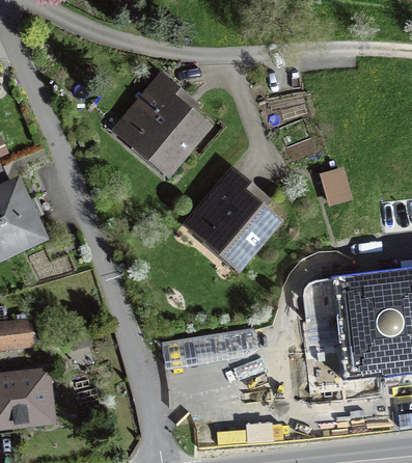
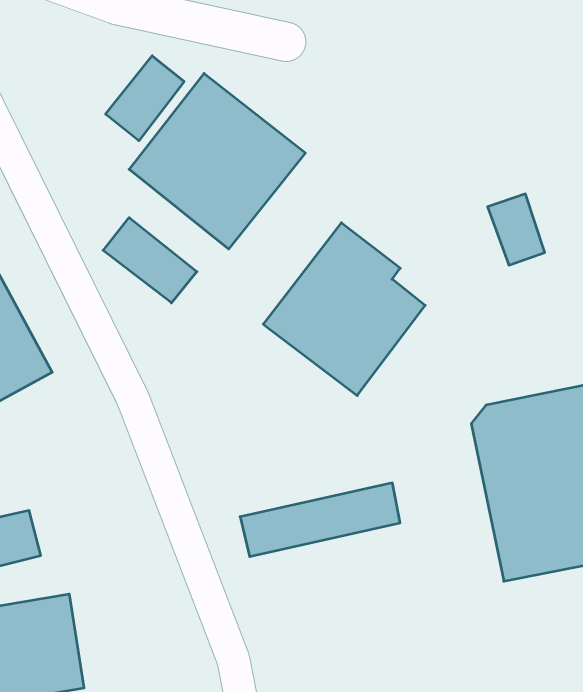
building: none -> [106,56,184,141]
building: none -> [103,218,197,303]

